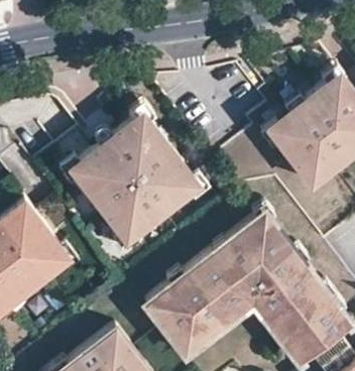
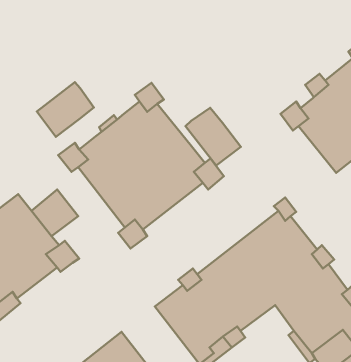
building: none -> [37,82,94,137]
building: none -> [186,108,241,165]

